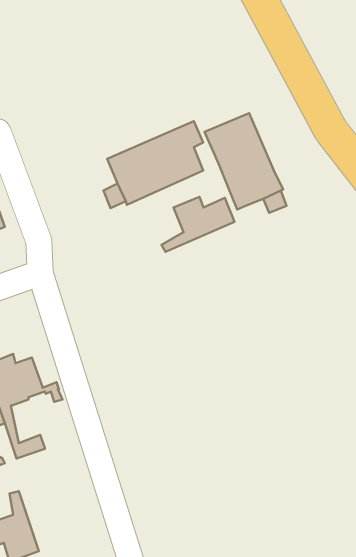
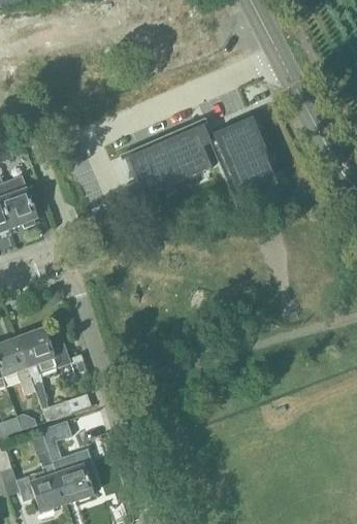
building: [162,197,234,252] -> none
building: none -> [40,419,91,501]

